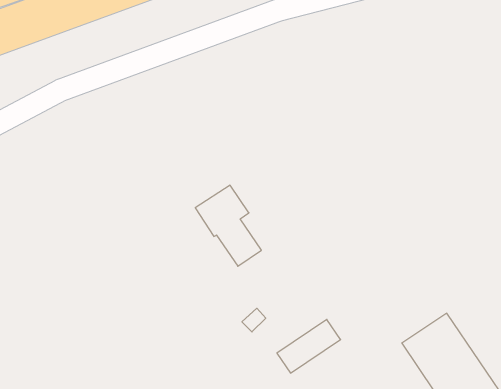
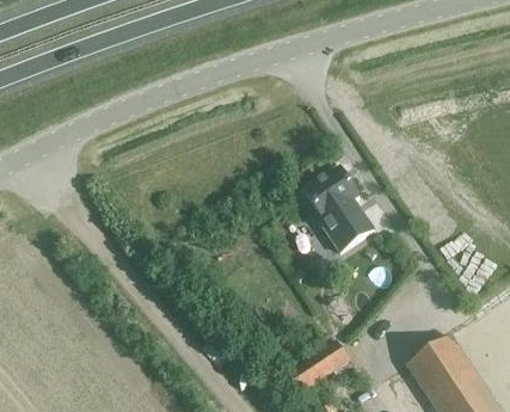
building: [195,185,261,266] -> [306,167,369,245]

